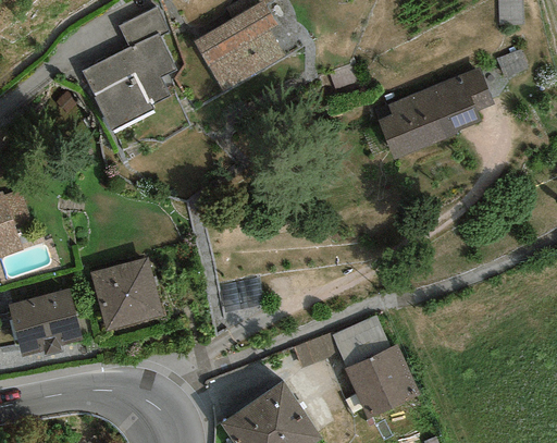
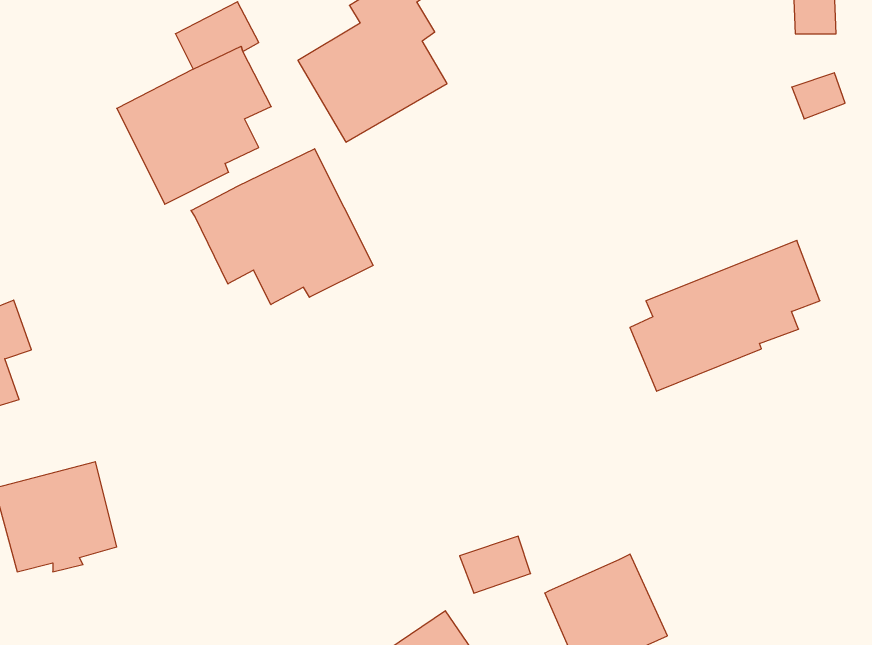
building: [377,66,494,159] -> [630,240,820,391]
building: none -> [191,149,373,305]
building: [90,256,164,331] -> none
building: [333,316,391,367] -> none

